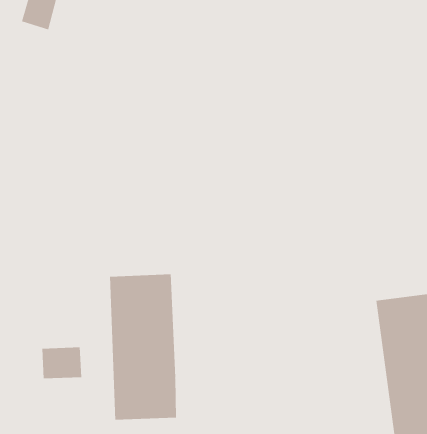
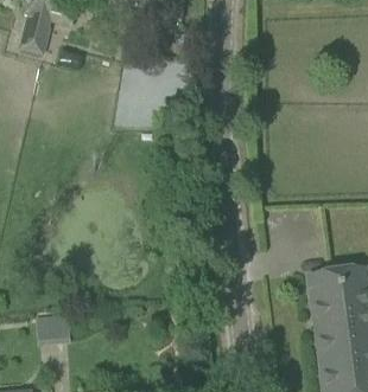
building: [109,274,176,421] -> none

